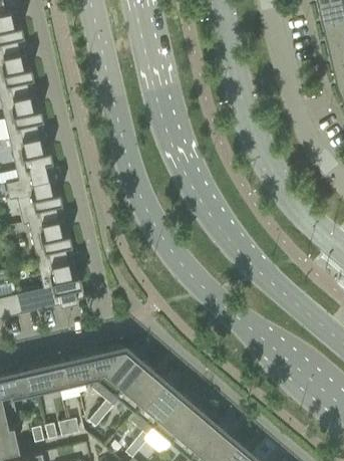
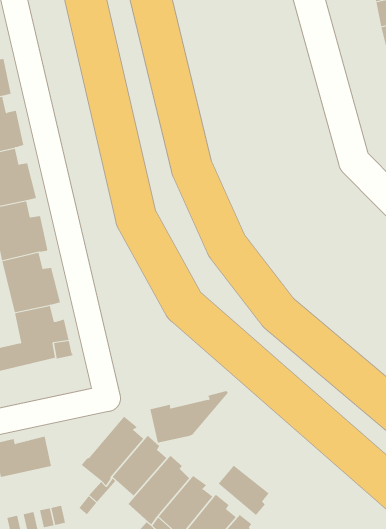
building: [61,345,124,388] -> [150,390,229,443]
building: none -> [218,465,273,516]

